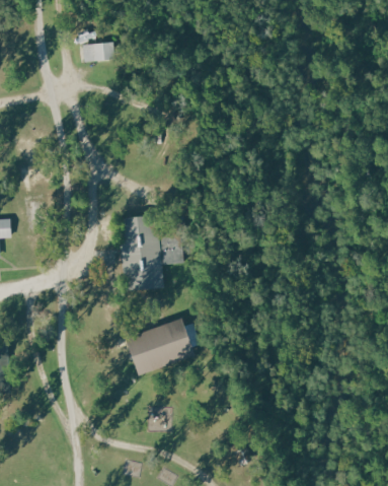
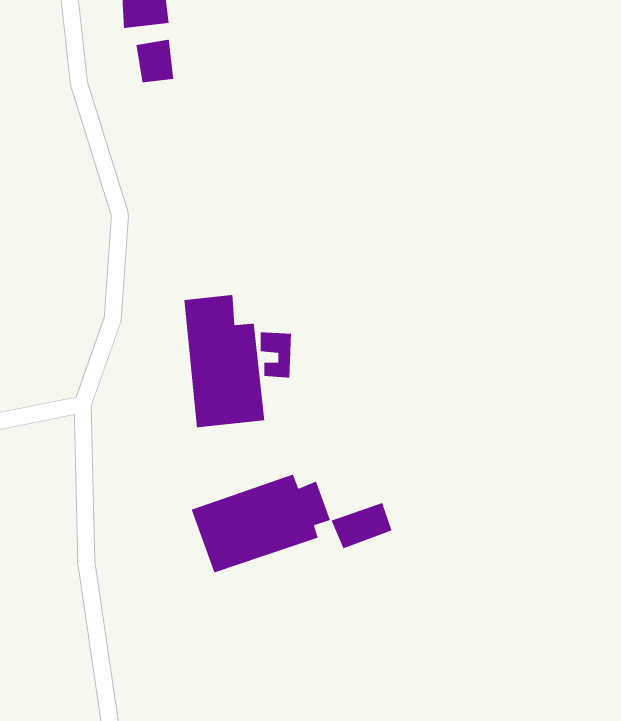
building: none -> [136,39,174,83]
building: none -> [331,502,392,549]

